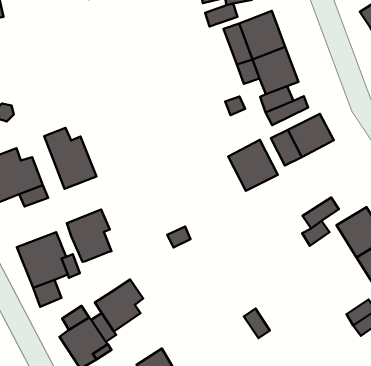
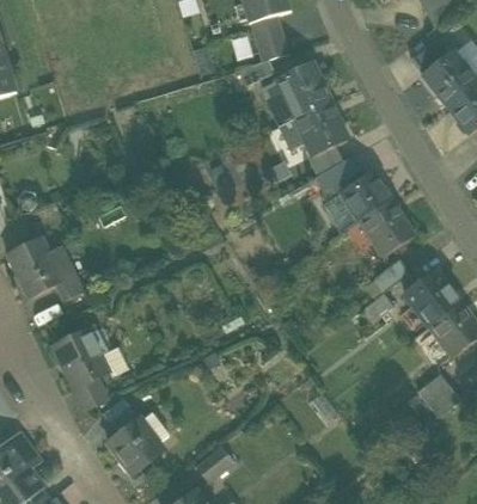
building: [44,128,96,189] -> none
building: [228,140,278,191] -> [359,199,415,257]
building: [67,210,112,262] -> none
building: [95,279,143,331] -> none

